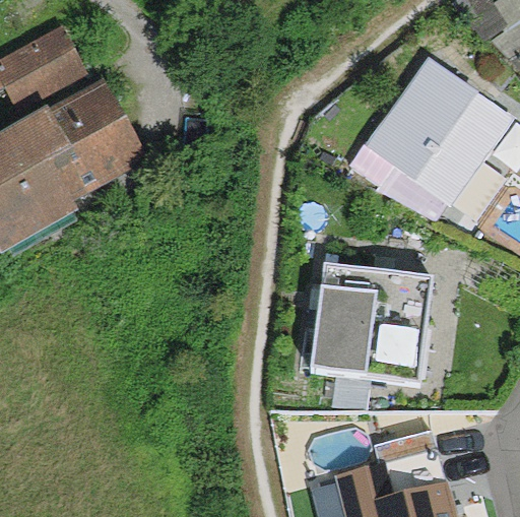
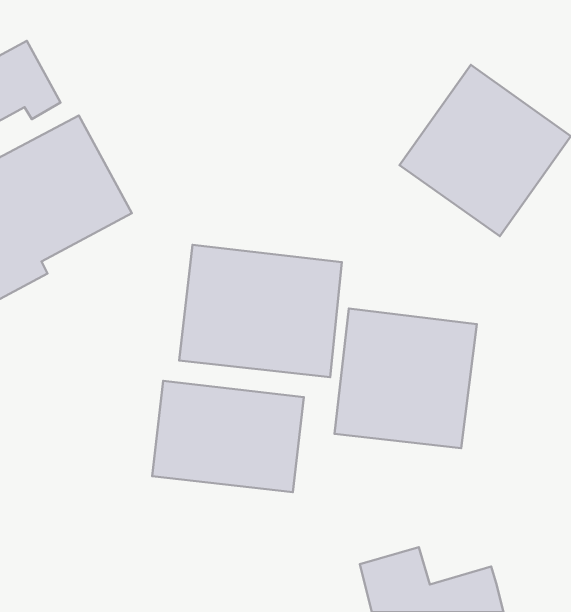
building: none -> [179,245,342,377]
building: none -> [152,381,304,492]

